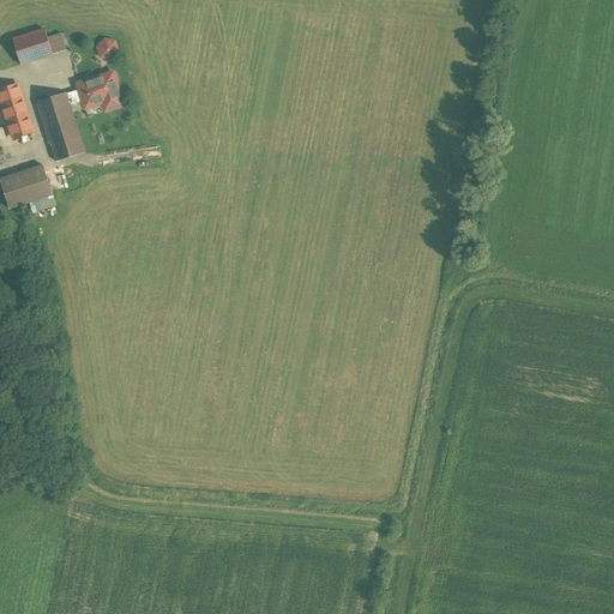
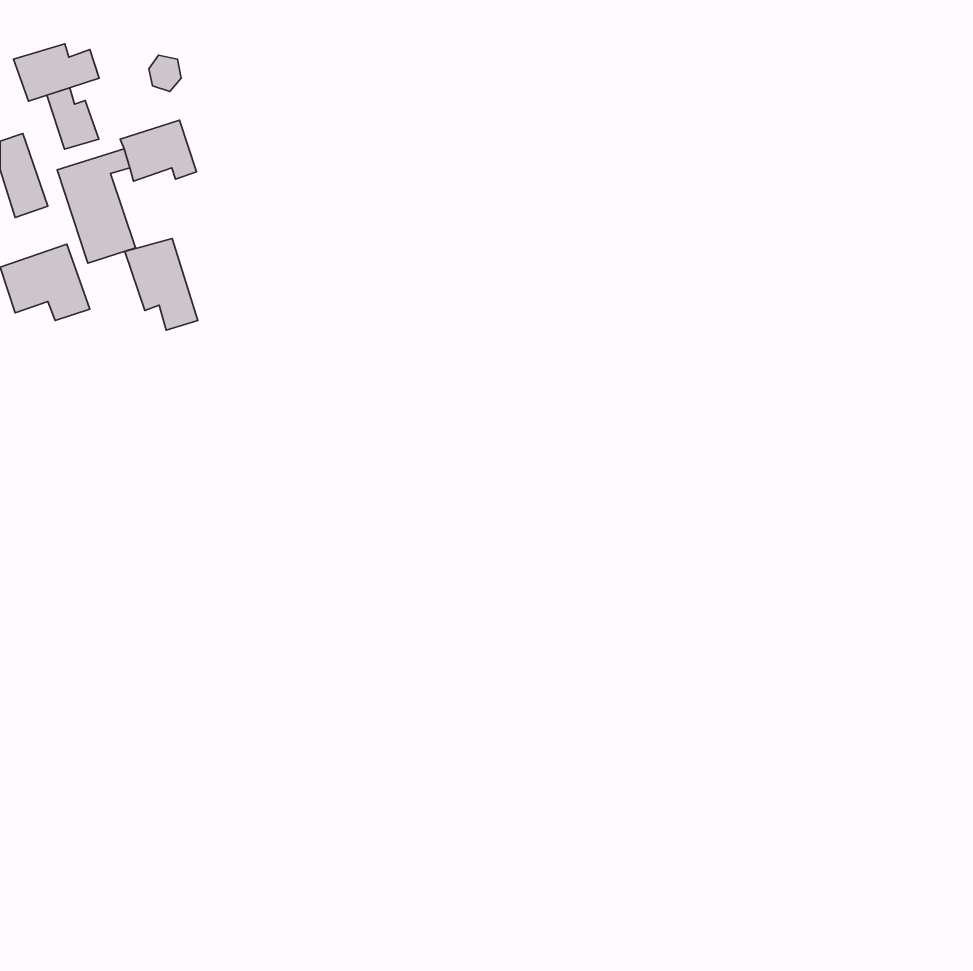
building: none -> [47,88,99,149]
building: none -> [125,238,198,330]

